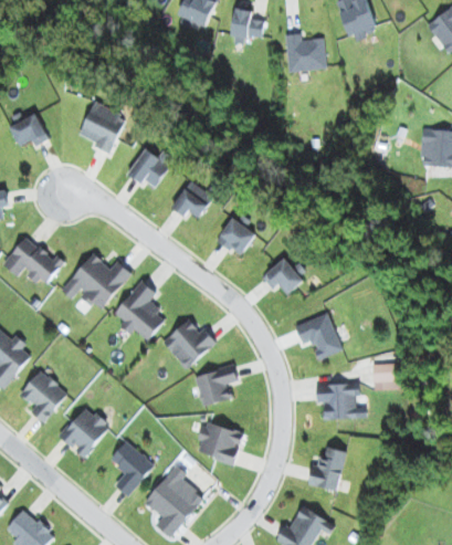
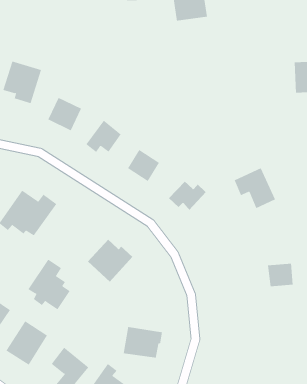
building: [114,280,164,340] -> [28,259,70,310]
building: [294,312,341,359] -> [234,168,276,209]
building: [195,366,236,406] -> none
building: [315,382,366,419] -> none
building: [306,447,345,491] -> none

